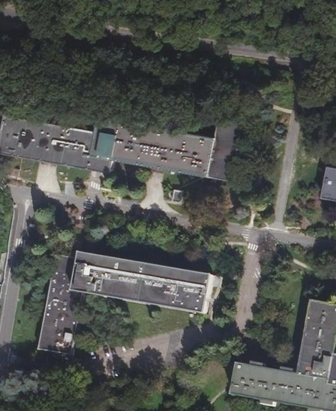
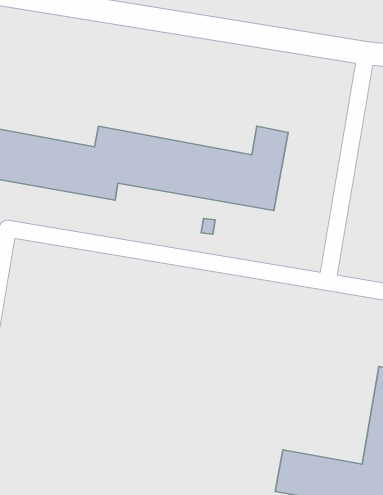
building: [36,252,209,354] -> none

